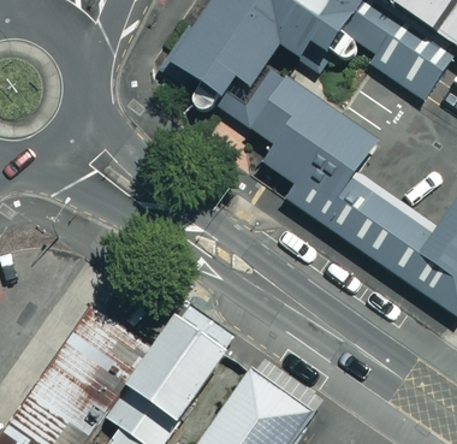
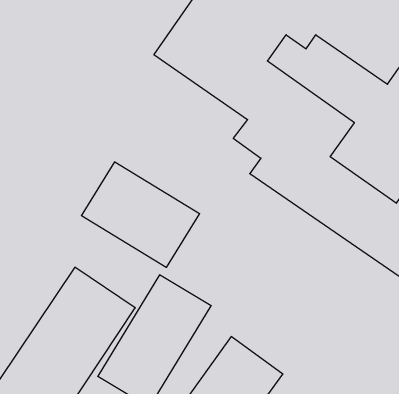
building: none -> [81,162,200,267]

